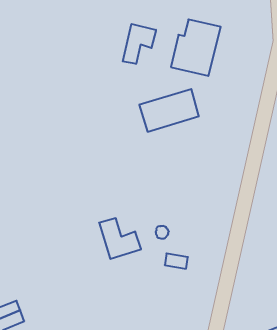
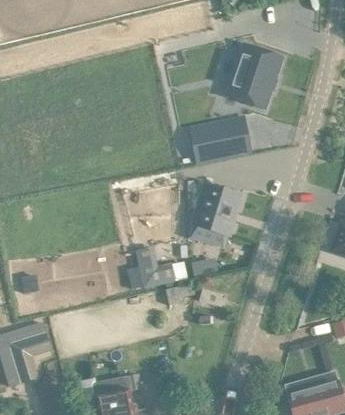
building: [123,24,156,64] -> none
building: none -> [191,183,242,247]

